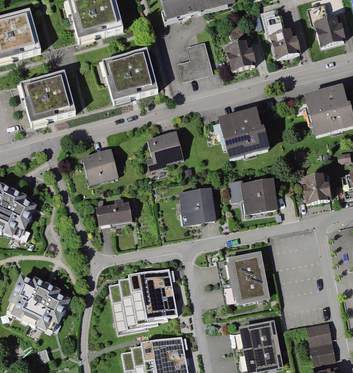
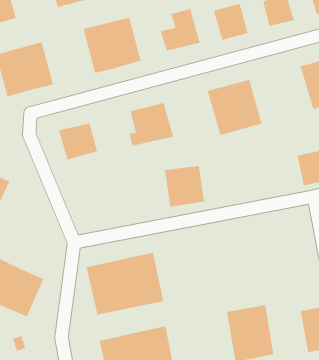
building: [242,178,280,216] -> none
building: [94,201,131,228] -> none
building: [224,252,269,304] -> none

